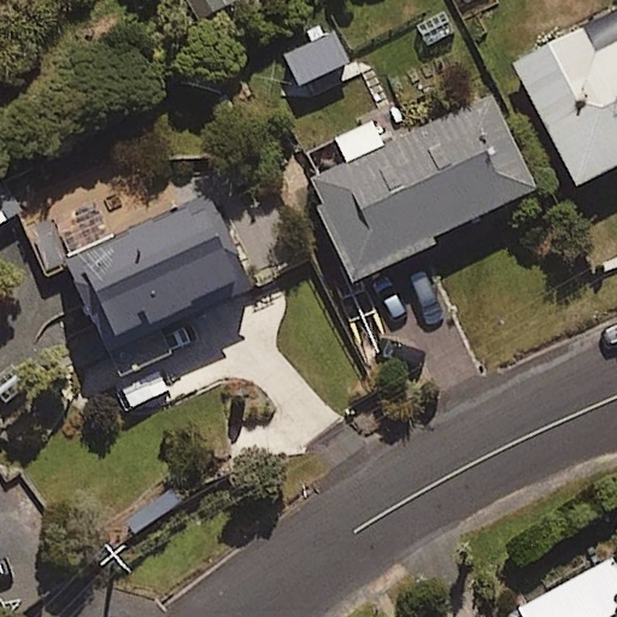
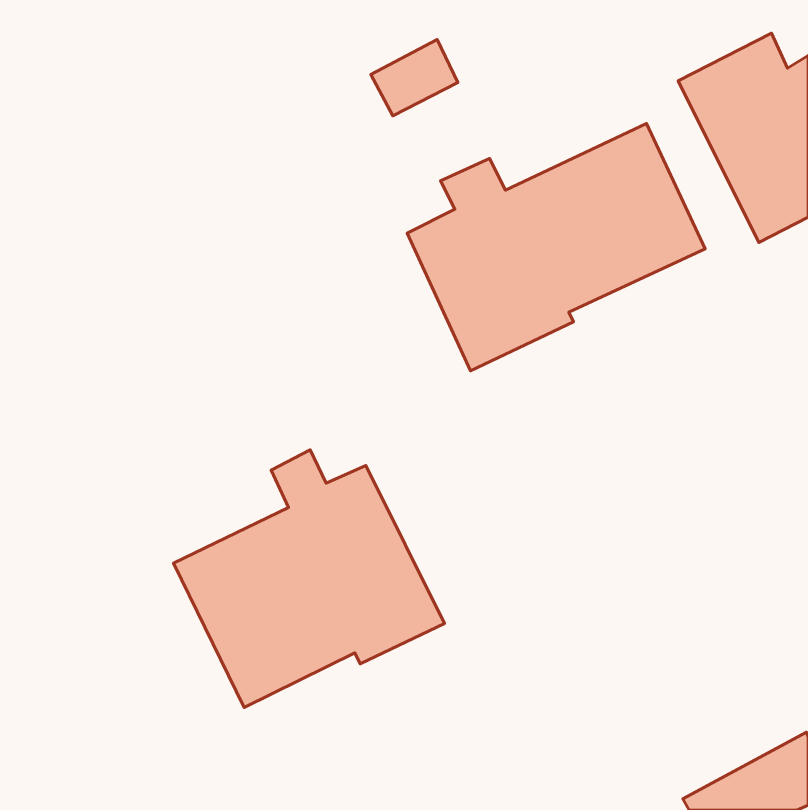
building: [64,195,245,348] -> none
building: none -> [173,450,444,708]

